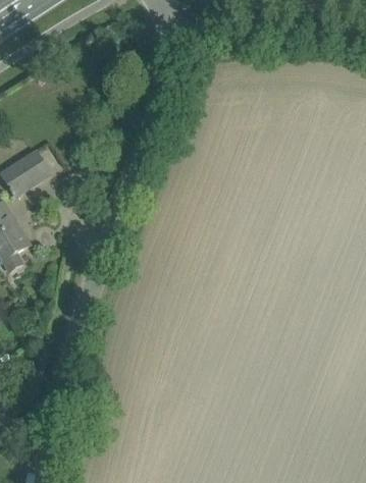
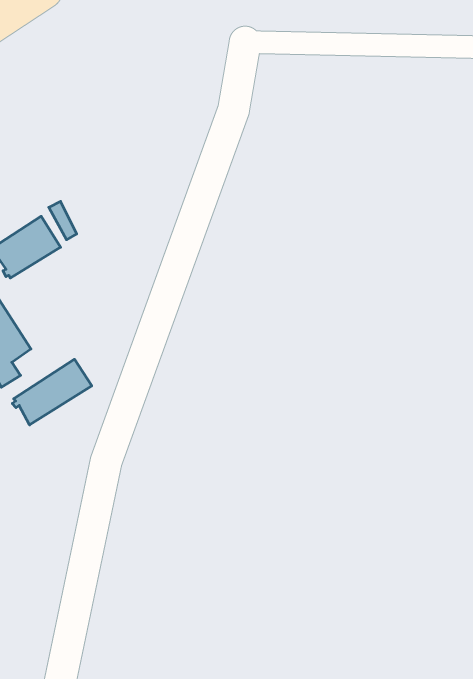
building: none -> [12,359,92,425]

